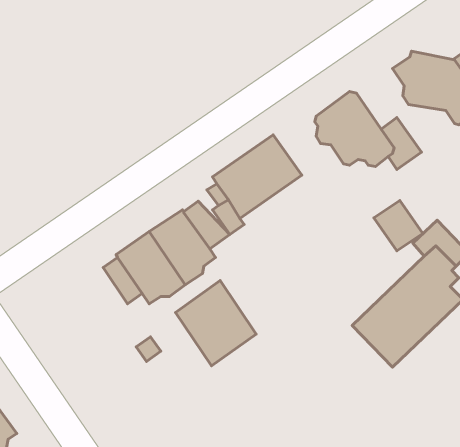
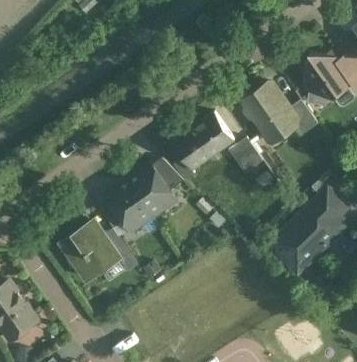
building: [374,200,423,251] -> [229,138,263,173]
building: [175,281,256,366] -> [63,220,119,279]

